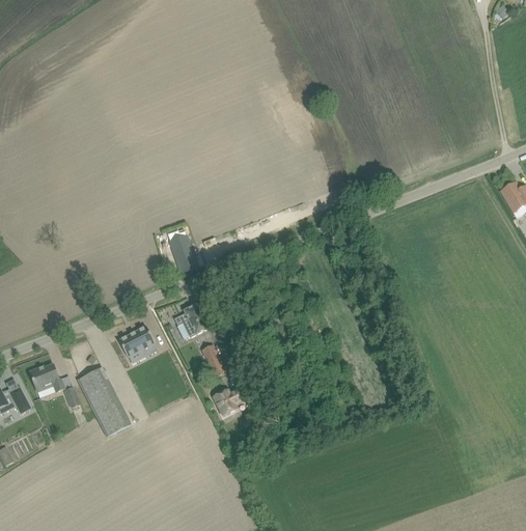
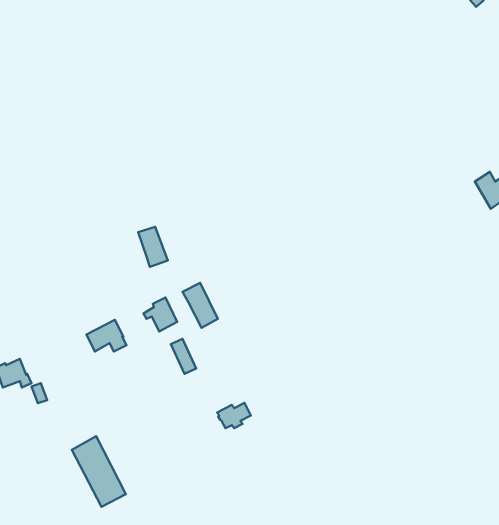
building: none -> [183,283,218,328]
building: [78,366,131,436] -> [72,436,126,507]
building: [213,386,246,411] -> [217,403,251,428]

